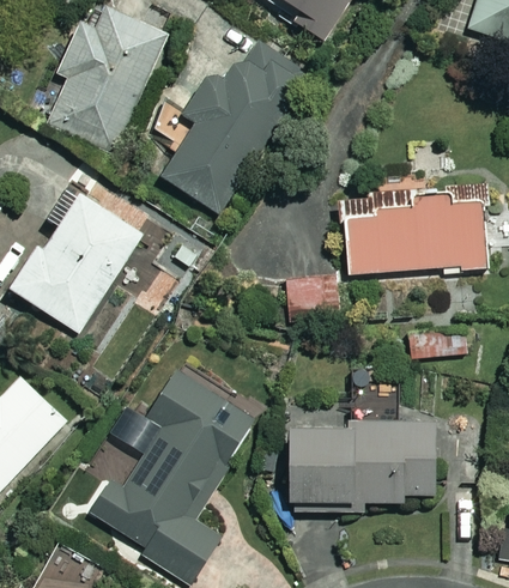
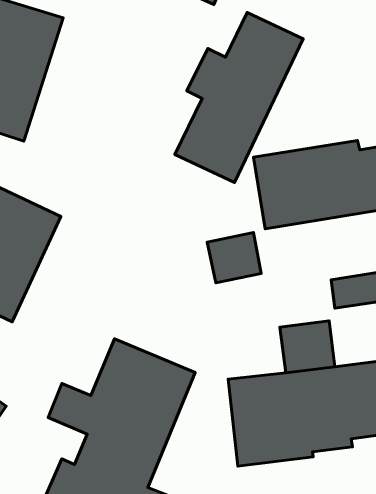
building: [162,43,305,212] -> [175,13,303,183]

